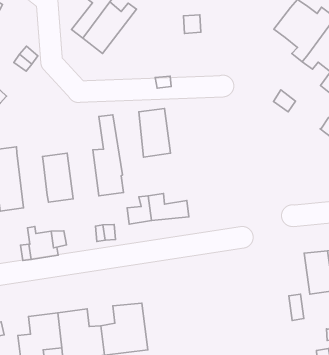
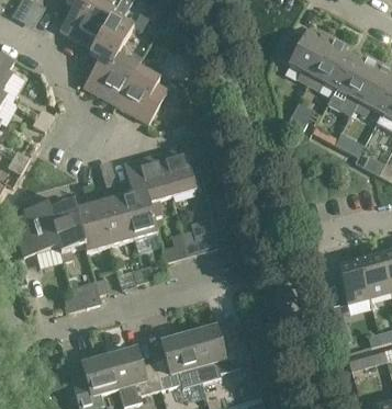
building: none -> [116,57,167,122]
building: none -> [135,155,170,217]
building: none -> [48,204,83,262]
building: none -> [97,197,133,247]
building: none -> [189,329,242,380]

